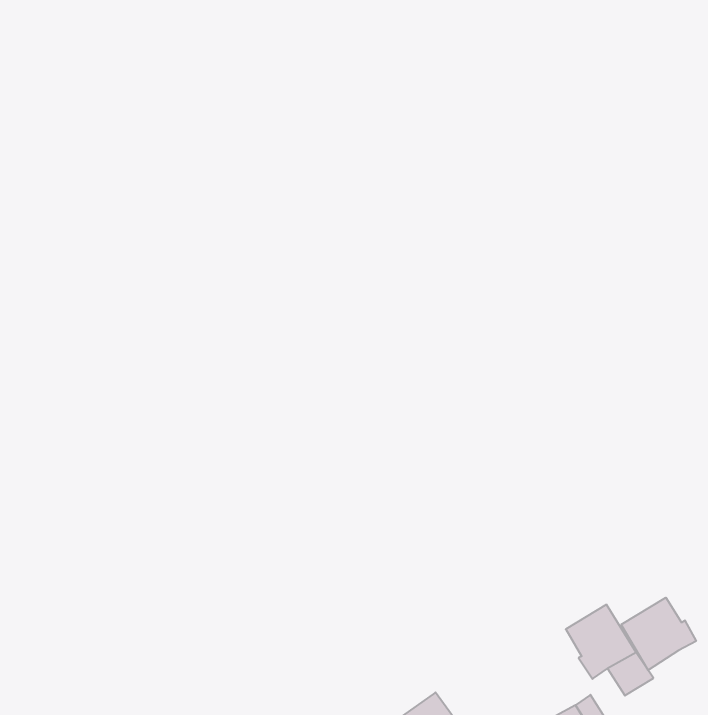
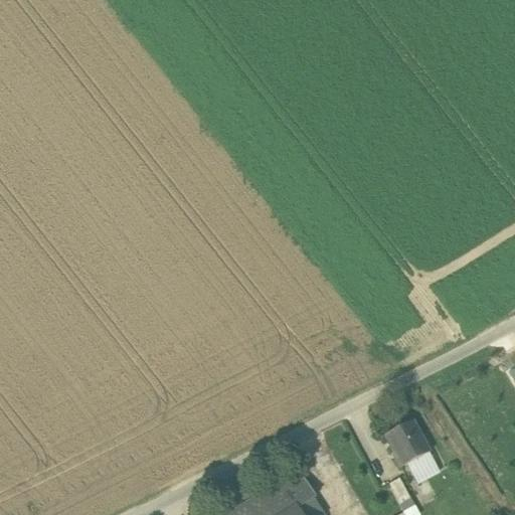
building: [621,598,696,670] -> none

